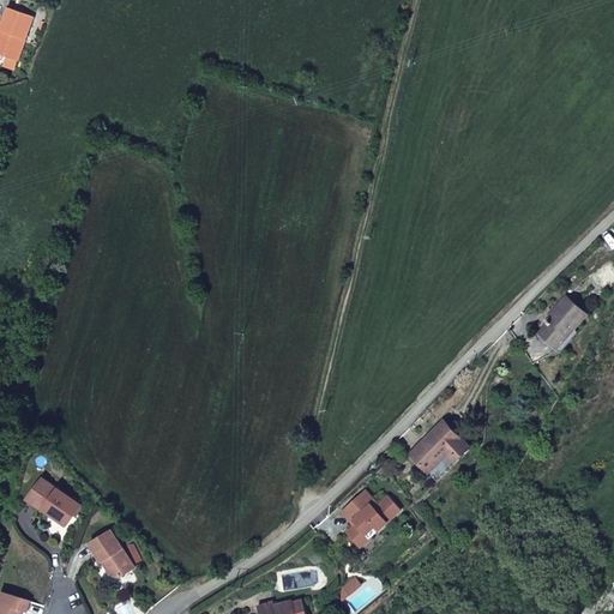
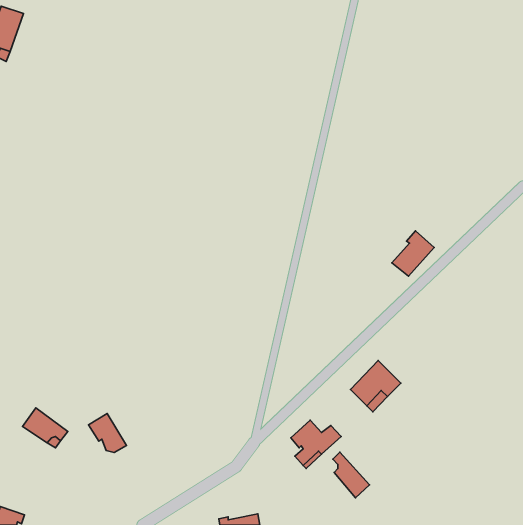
building: [537,296,586,349] -> [392,231,434,276]
building: none -> [333,452,370,498]
building: [88,531,132,577] -> [89,414,127,453]

